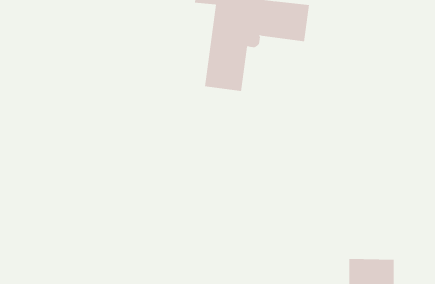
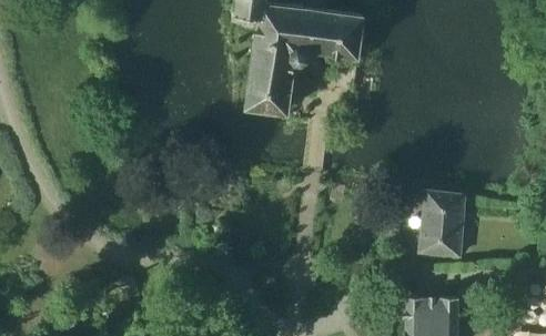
building: none -> [421,191,465,256]

